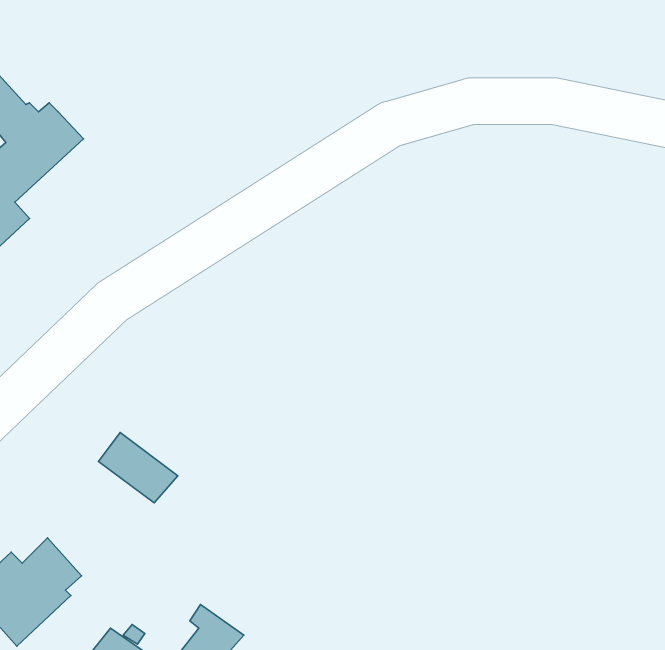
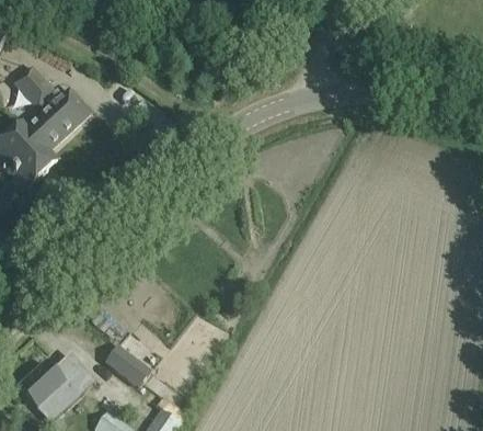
building: [98,433,178,503] -> [106,348,154,390]

